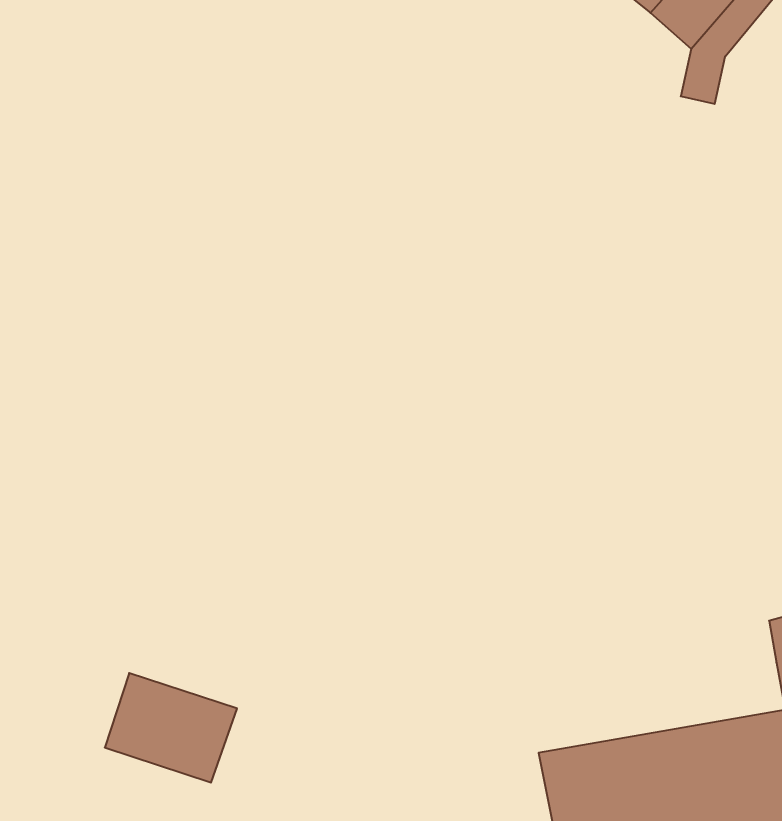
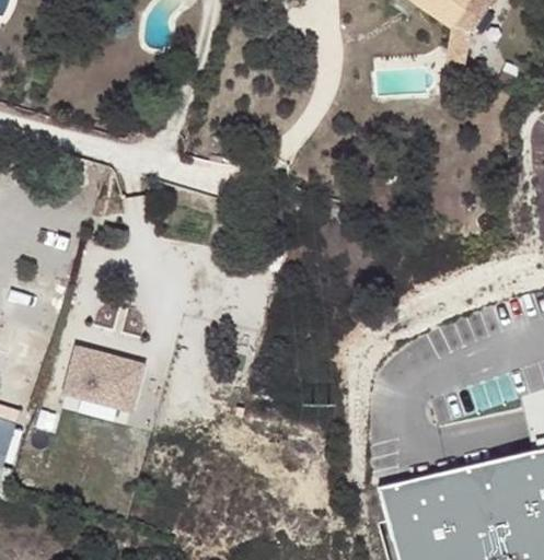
building: [105,673,237,783] -> [67,350,149,416]

